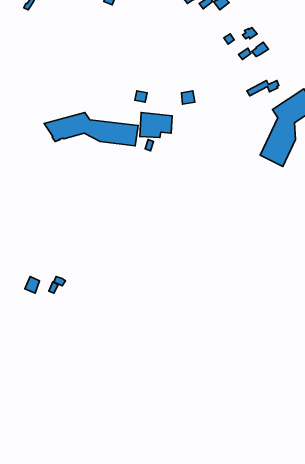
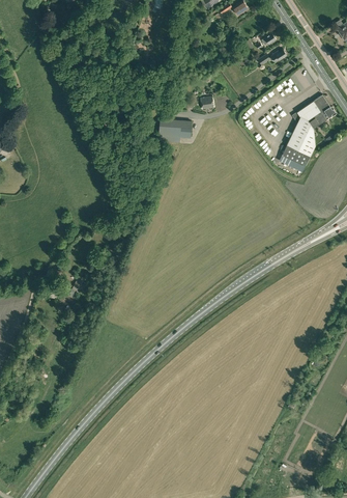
building: [44,113,138,146] -> none

